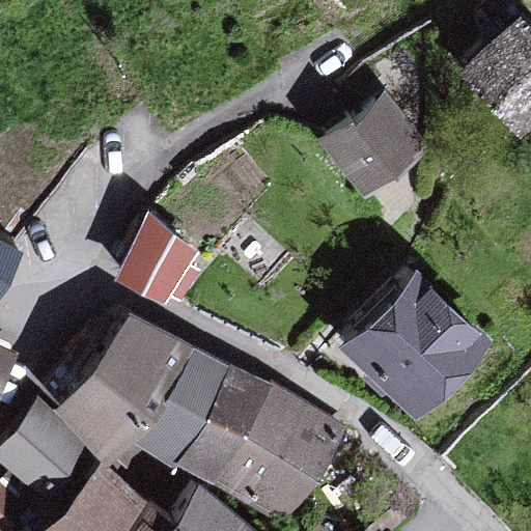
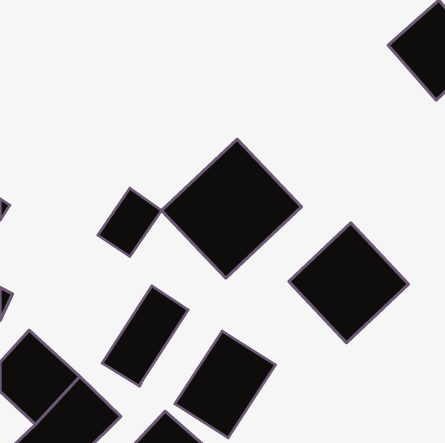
building: [327,97,426,195] -> none
building: none -> [162,139,301,278]
building: [67,313,188,450] -> none
building: [175,374,270,484] -> none

